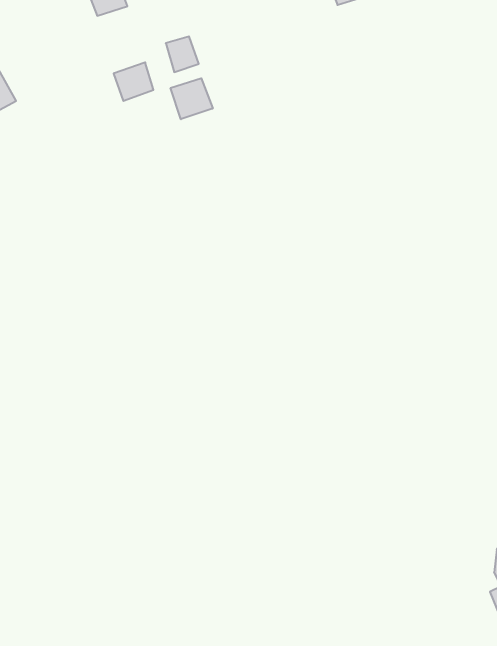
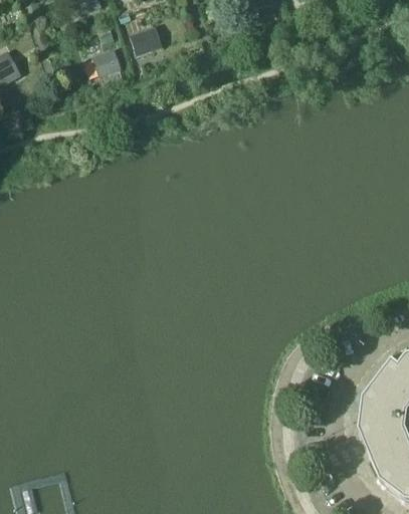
building: [171,78,213,119] -> none

